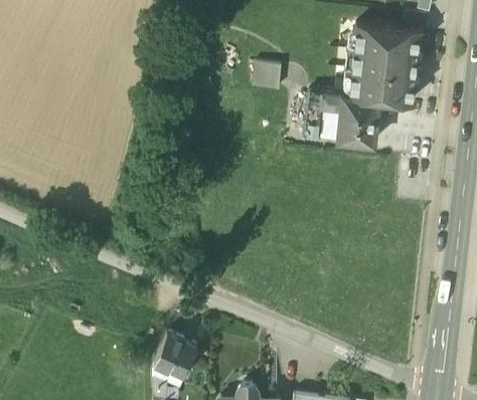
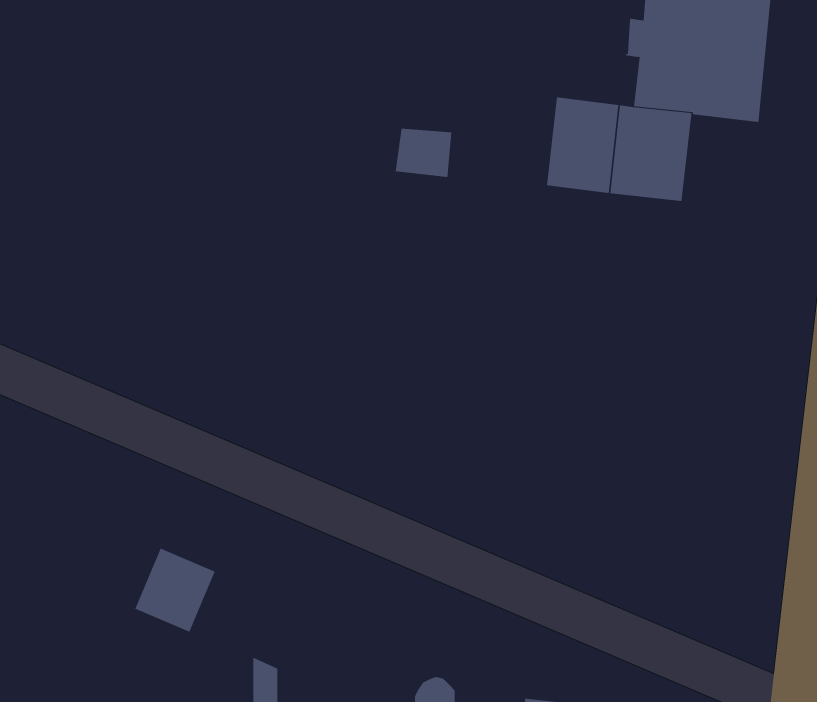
building: [254,61,283,86] -> [395,128,452,177]
building: [157,334,198,377] -> [135,548,215,633]

